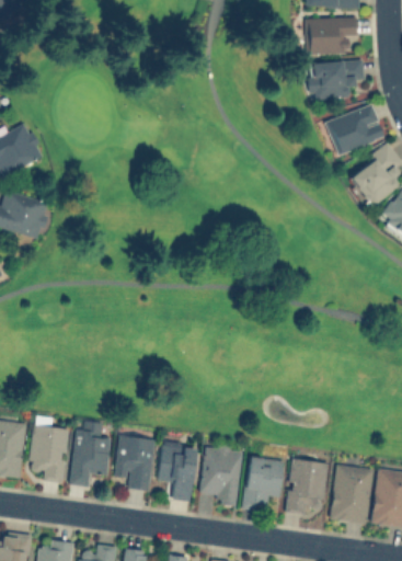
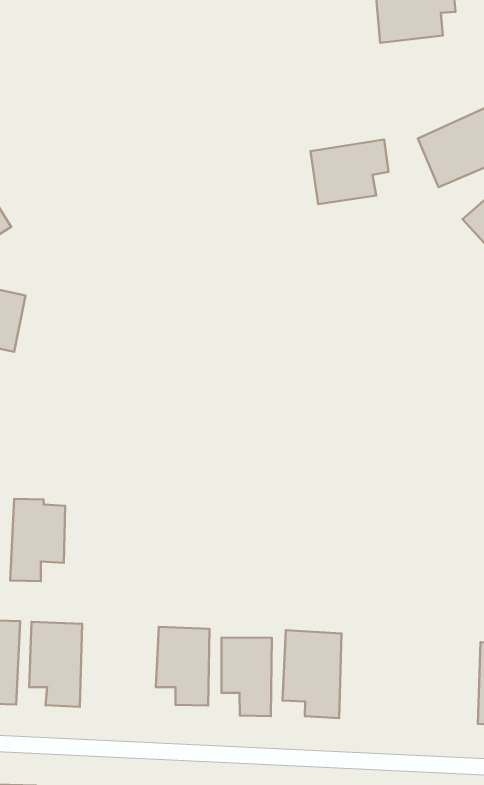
building: [312,59,364,99] -> [310,140,389,204]
building: [69,430,111,486] -> [10,499,65,581]
building: [243,456,284,512] -> none
building: [286,458,328,515] -> none

